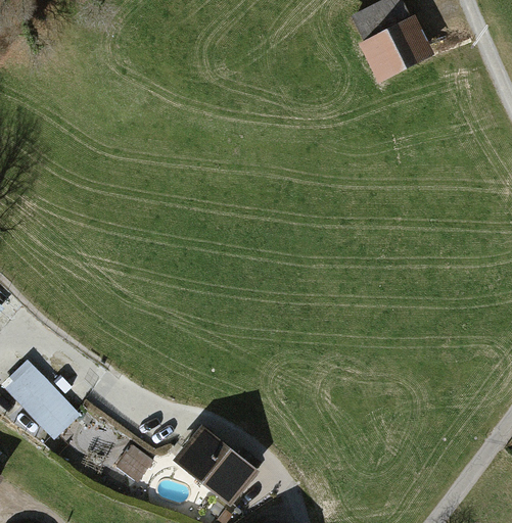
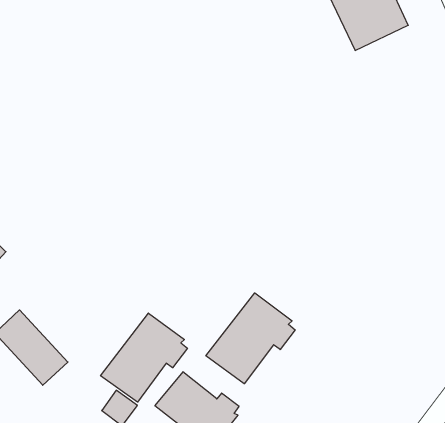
building: none -> [206,293,295,384]
building: none -> [101,313,187,402]

